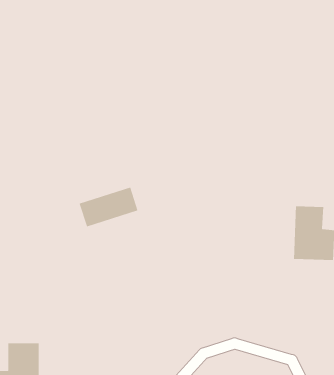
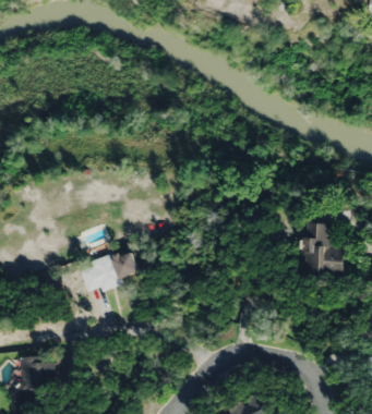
building: [79,186,138,227] -> [81,251,140,291]

